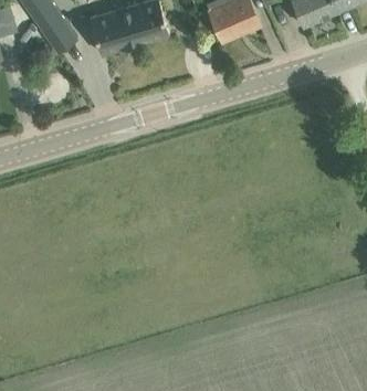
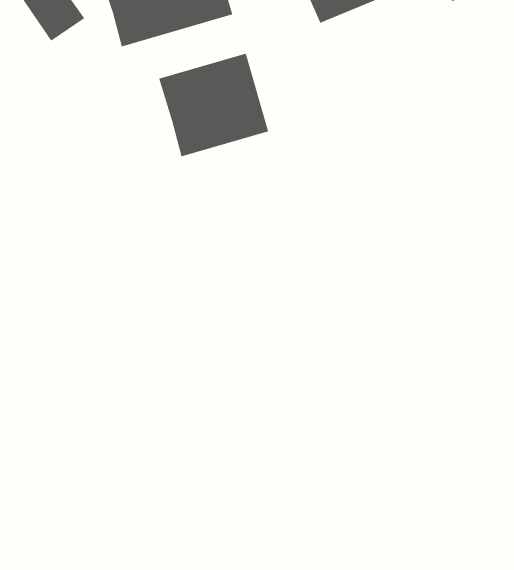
building: none -> [158,53,269,157]

